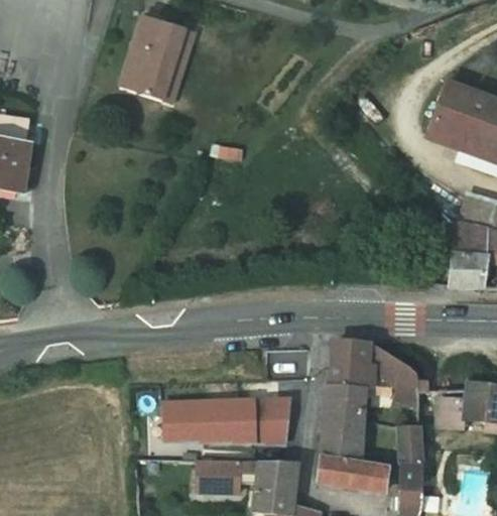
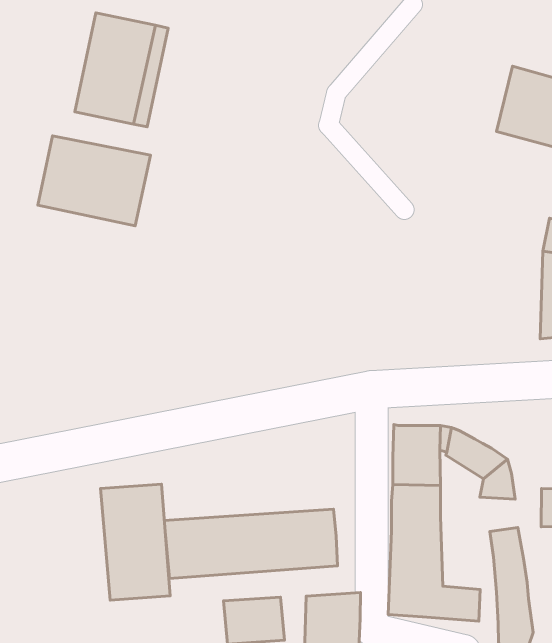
building: none -> [38,136,150,226]
building: none -> [100,484,170,600]

